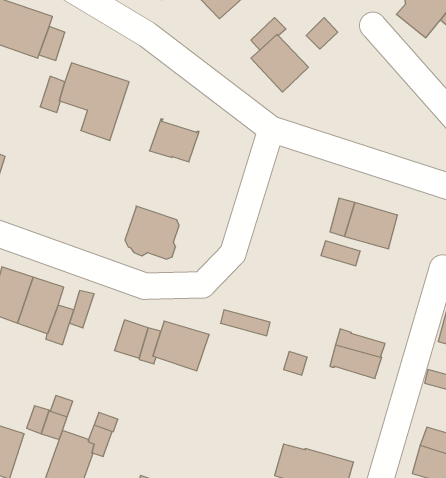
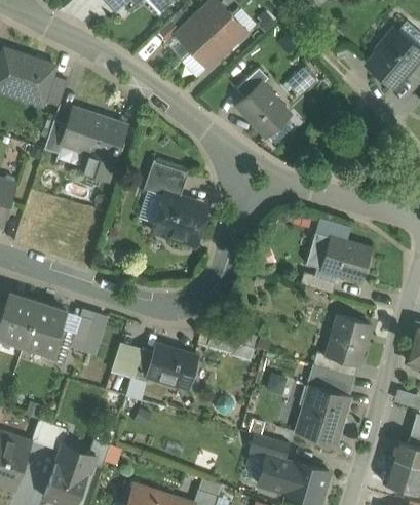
building: [125,206,179,259] -> [154,194,203,242]
building: none -> [328,314,371,364]
building: none -> [297,385,349,444]
building: none -> [250,434,290,461]

